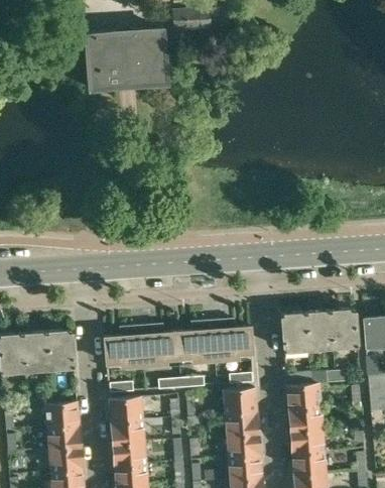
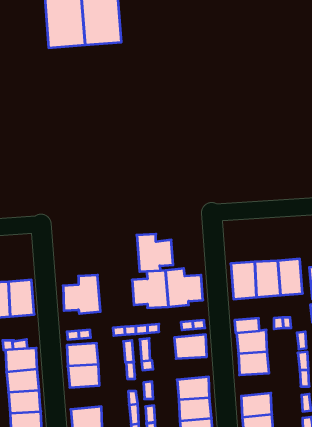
building: [141,326,179,365] -> [137,234,173,272]
building: [224,412,258,437] -> none
building: [290,430,324,454] -> none
building: [112,443,145,468] -> none

